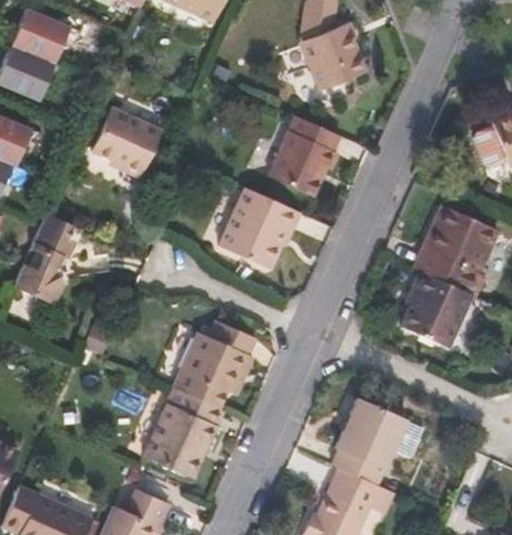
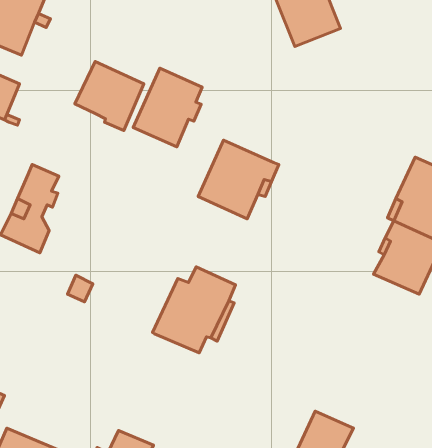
building: [269,116,340,197] -> [133,68,202,147]
building: [142,387,224,478] -> none
building: [333,396,407,484] -> none

